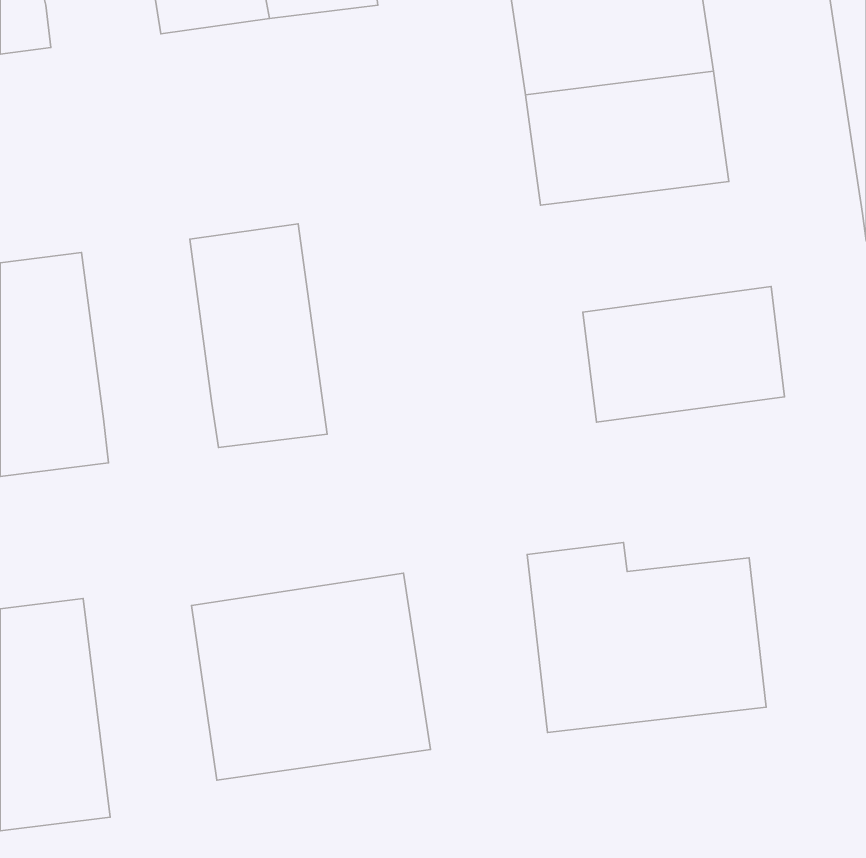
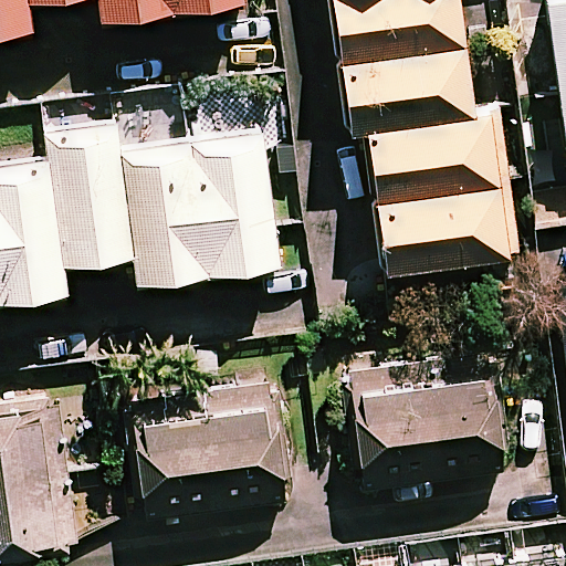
building: none -> [370,115,503,203]
building: none -> [50,129,138,273]
building: none -> [195,137,284,283]

